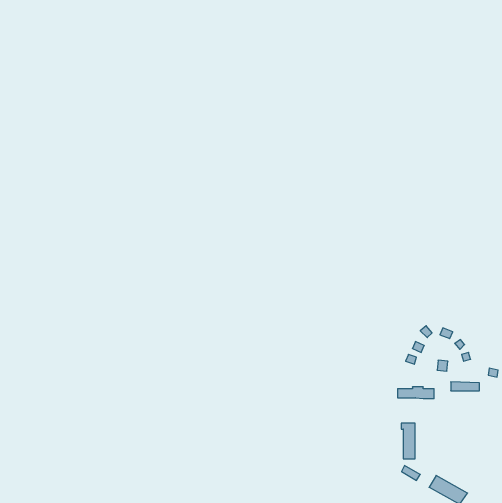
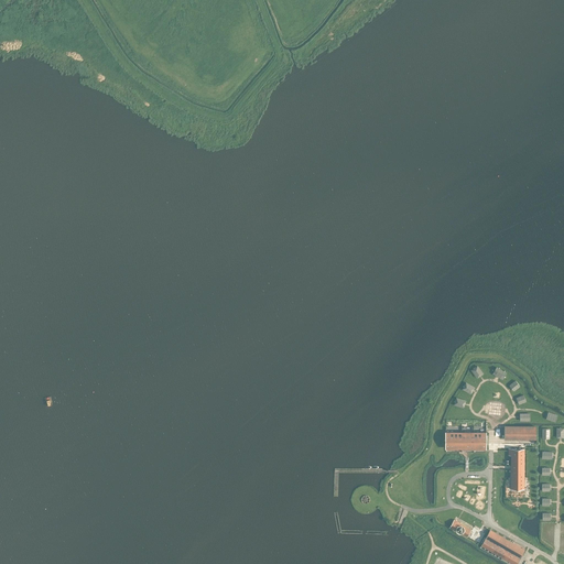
building: [401,423,415,459] -> [510,449,525,489]

